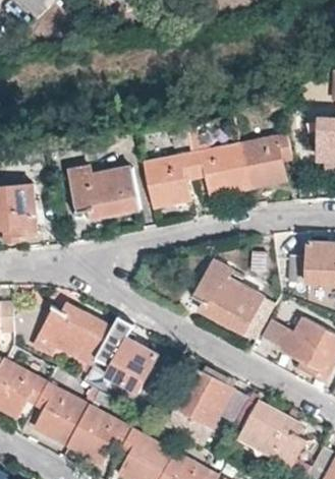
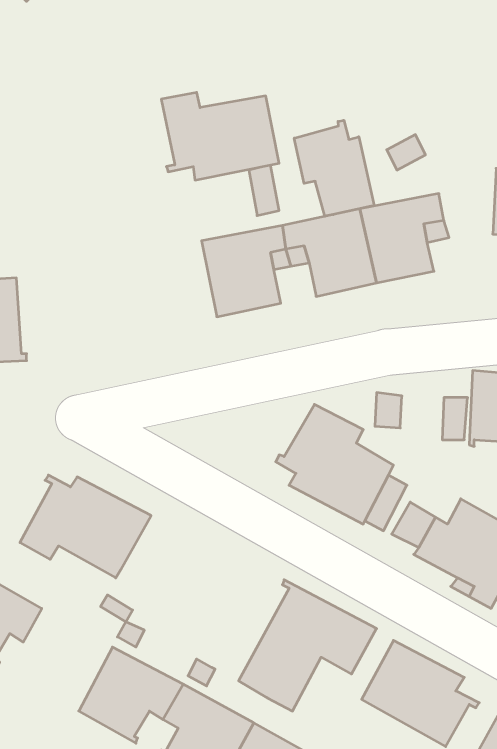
building: none -> [294,120,374,216]
building: [69,166,141,219] -> [161,92,279,180]
building: [95,315,160,395] -> none
building: [32,383,90,445] -> none

